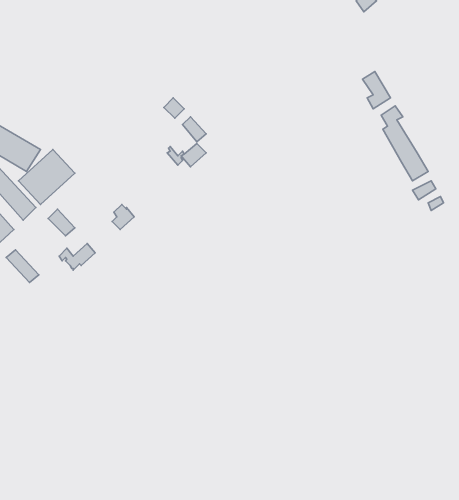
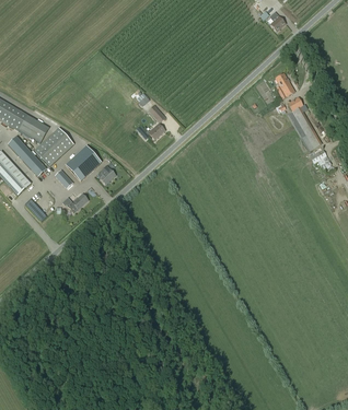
building: none -> [66,144,101,179]

